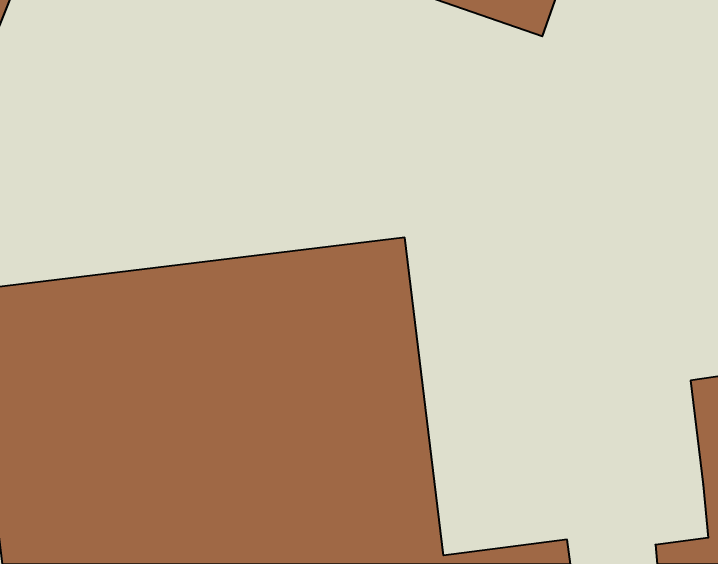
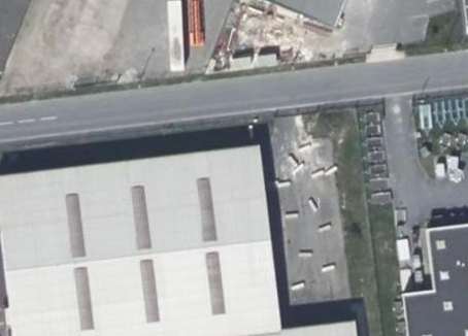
building: none -> [401,289,436,324]

